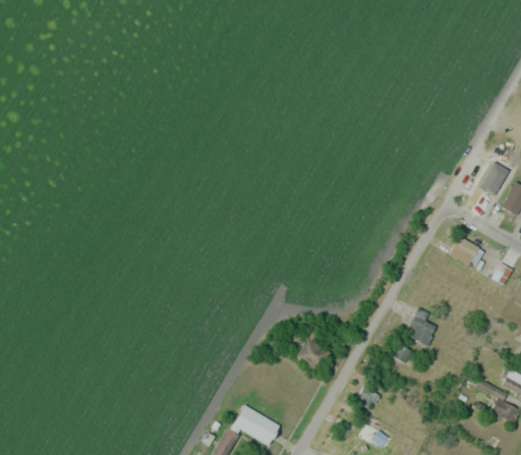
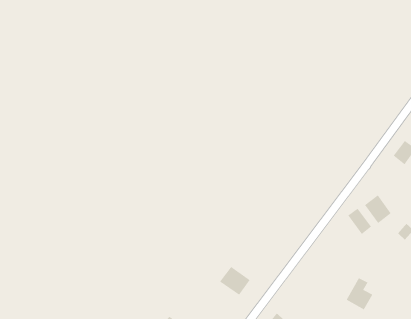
building: none -> [347,208,372,235]
building: [406,308,437,345] -> [346,278,373,310]

